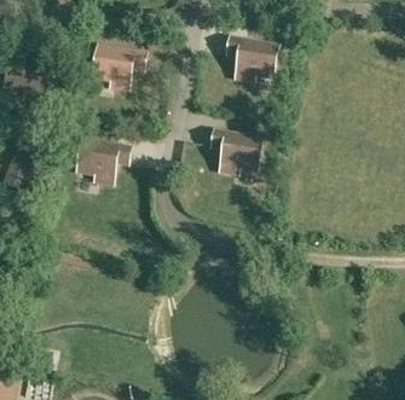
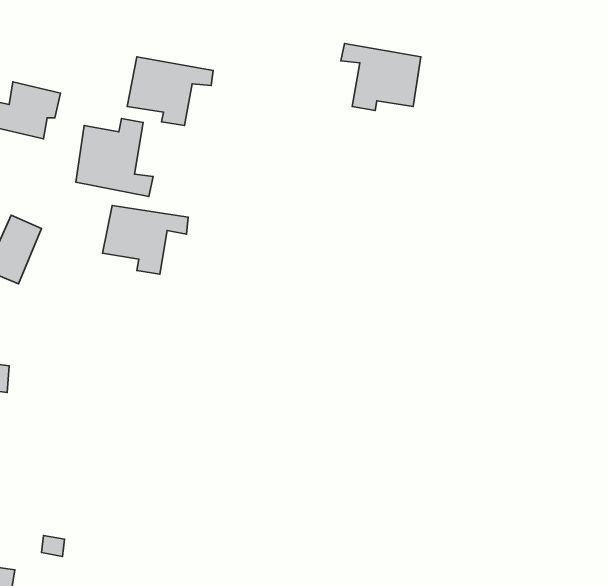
building: none -> [76,119,153,196]
building: [210,129,261,172] -> none

